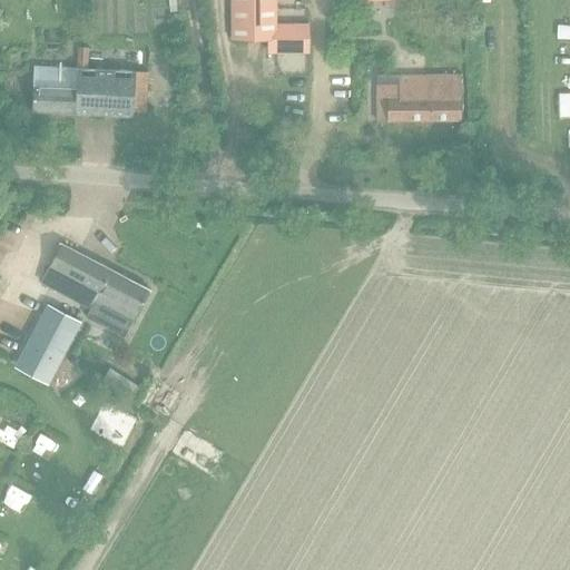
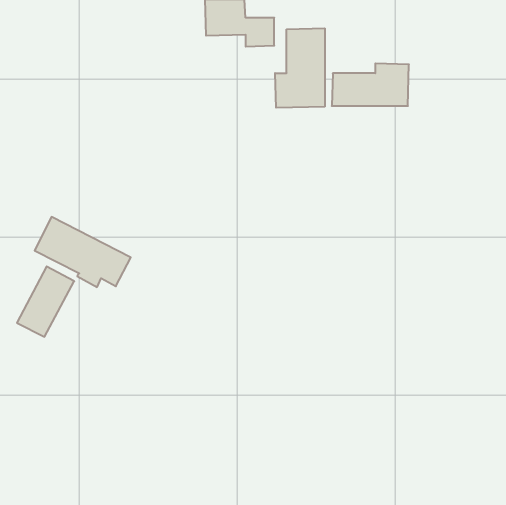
building: none -> [275,28,325,108]
building: [30,46,146,117] -> none

